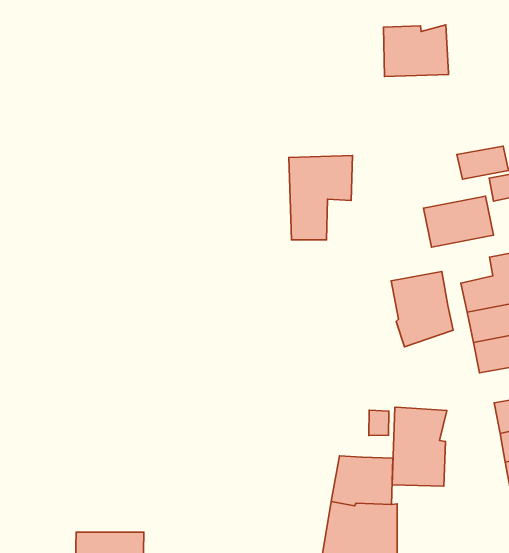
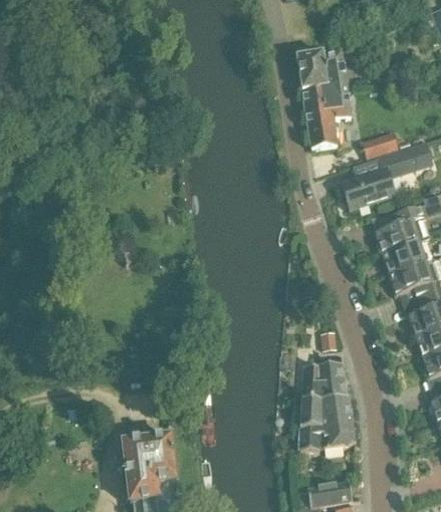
building: [289,156,353,240] -> [302,84,351,150]
building: [391,272,453,347] -> none
building: [392,407,447,486] -> none

